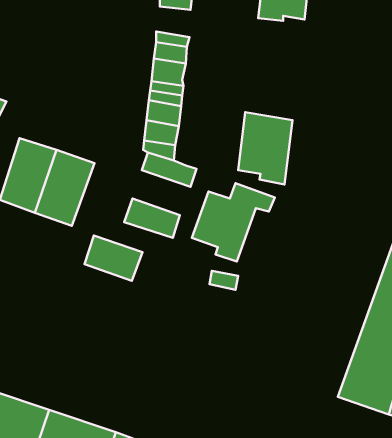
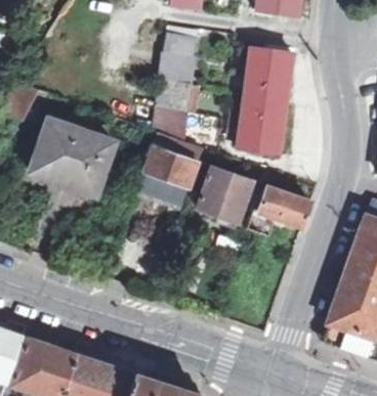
building: none -> [244,46,292,105]
building: none -> [248,172,312,237]
building: [84,236,143,281] -> [146,148,197,187]

